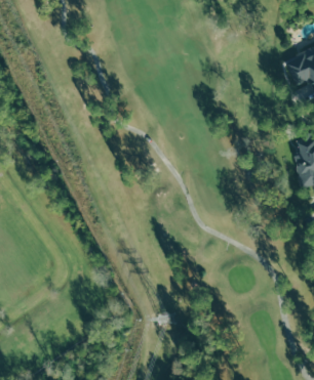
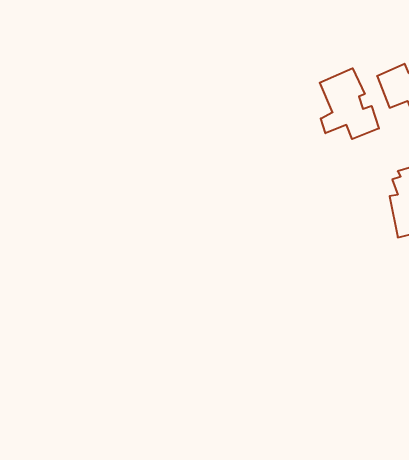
building: none -> [320,68,379,139]

